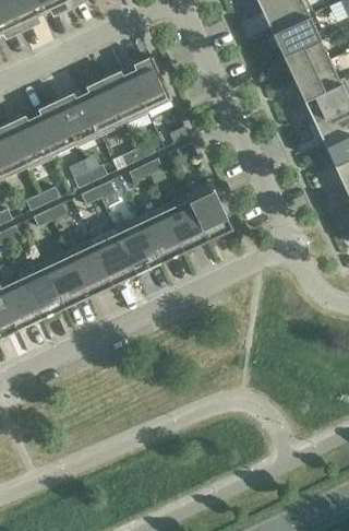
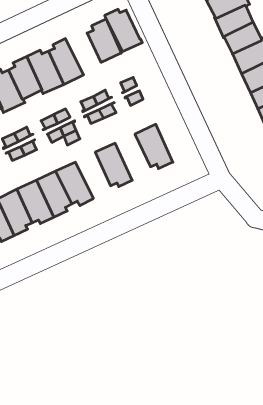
building: [101,71,147,122] -> [105,9,142,52]
building: [161,194,204,250] -> none
building: [113,216,156,272] -> none

